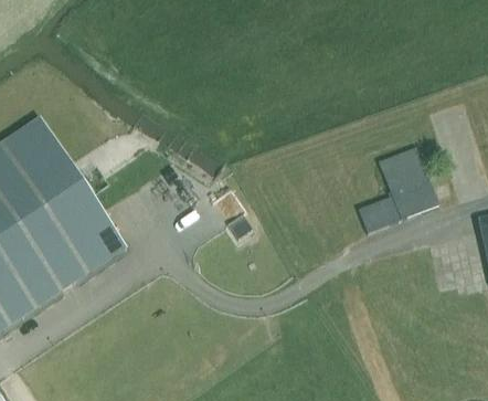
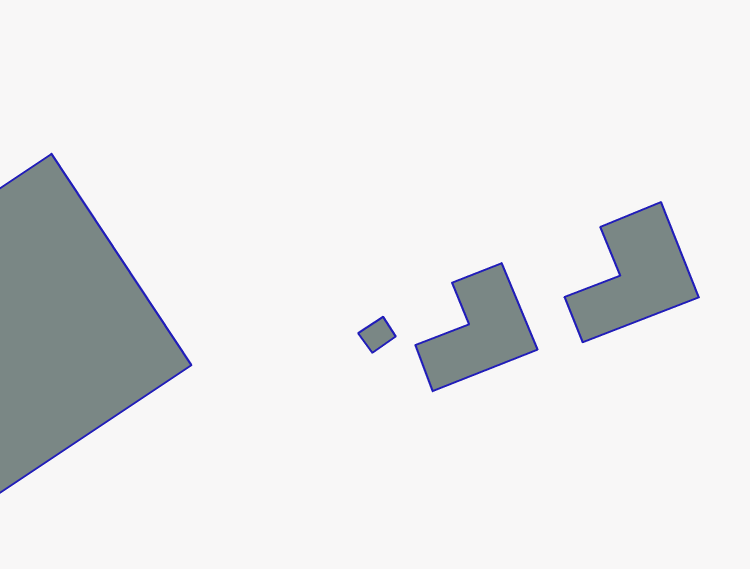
building: none -> [415,263,537,391]

